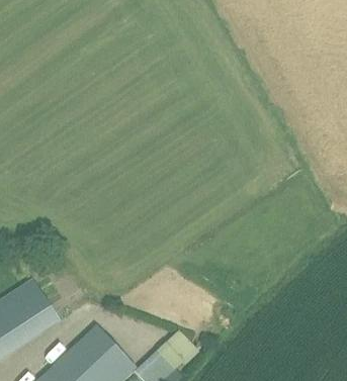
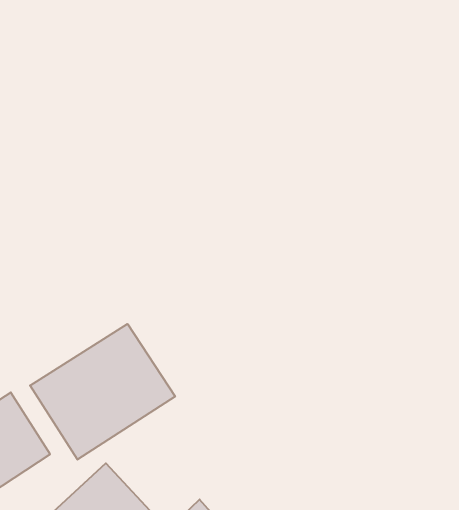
building: none -> [30,324,175,460]

